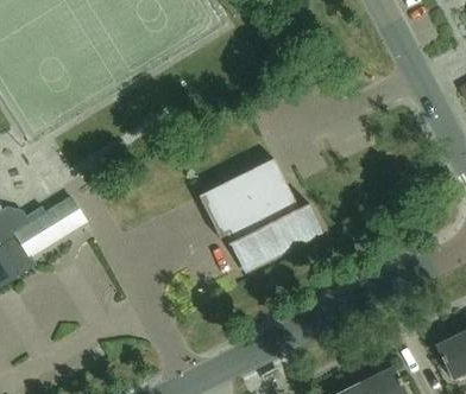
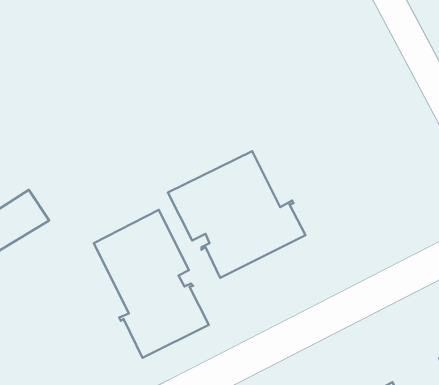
building: none -> [94,210,209,358]

